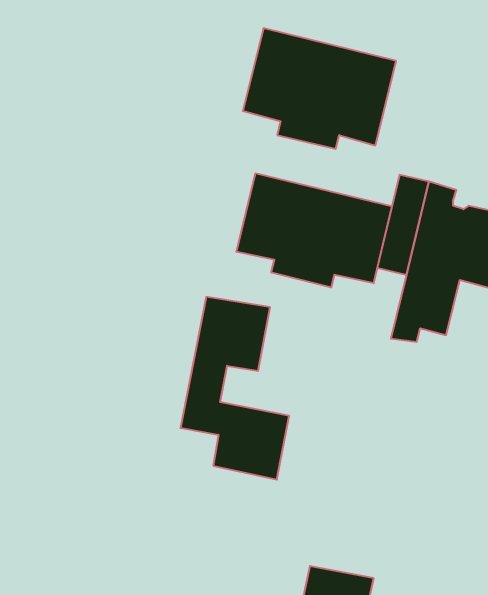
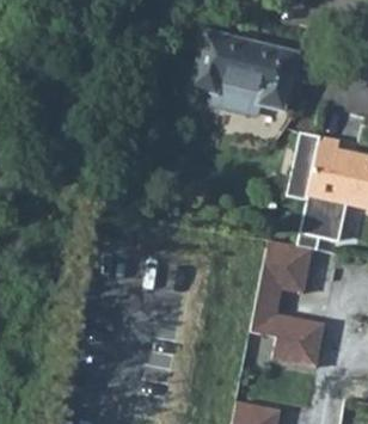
building: [237,173,392,288] -> none
building: [180,297,289,480] -> [250,241,325,368]

